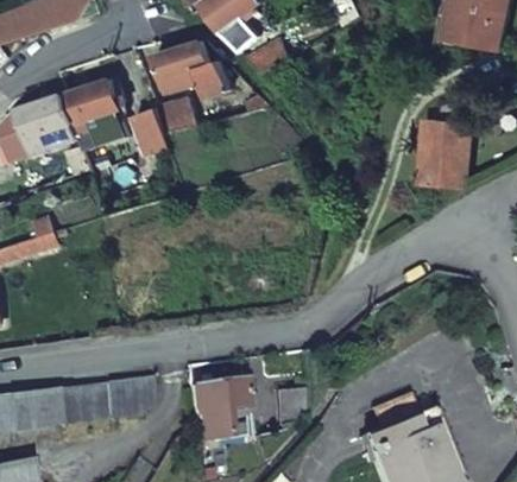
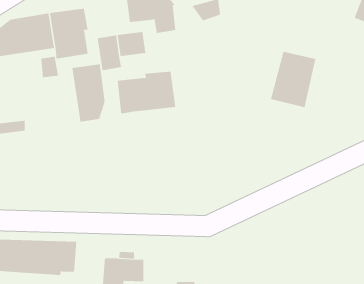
building: [417,121,466,186] -> [270,51,316,108]
building: none -> [117,71,176,114]
building: none -> [72,63,105,122]

